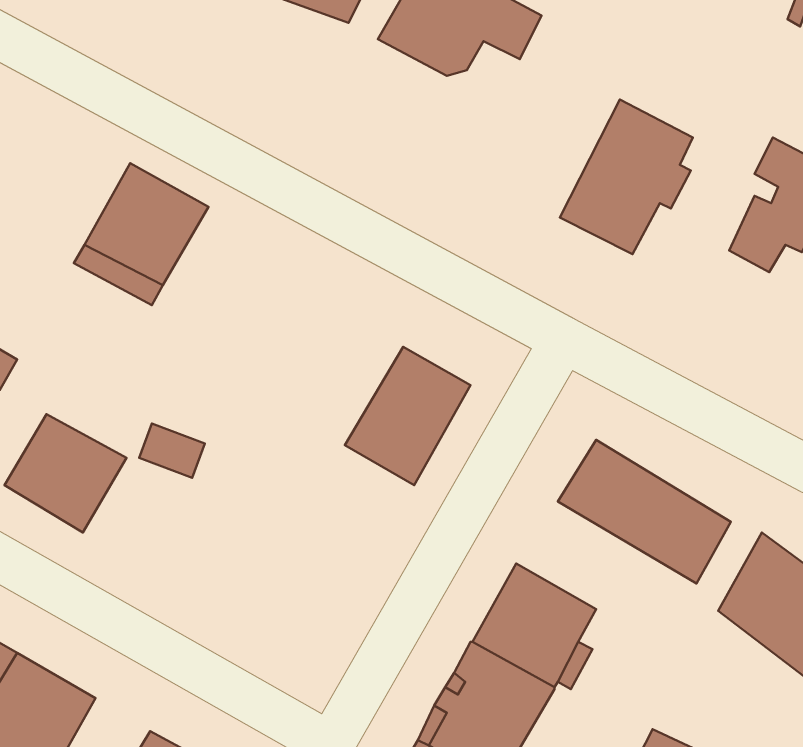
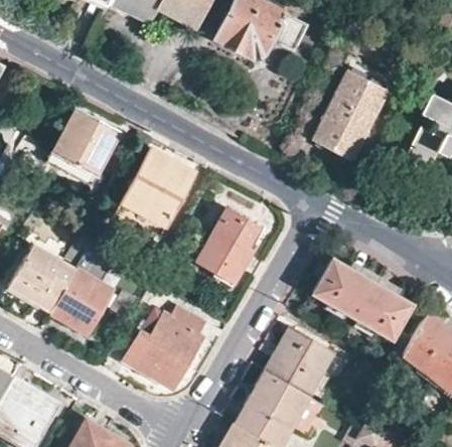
building: none -> [113,148,194,232]
building: none -> [50,270,111,333]
building: none -> [123,307,205,390]

